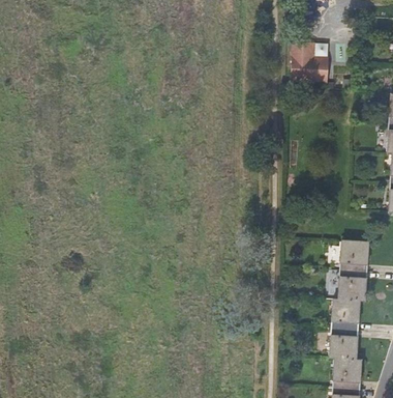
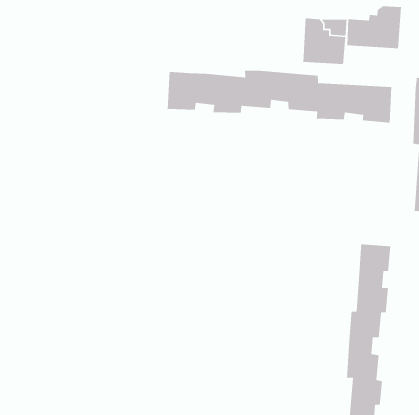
building: none -> [347,5,402,49]
building: none -> [167,70,392,123]

